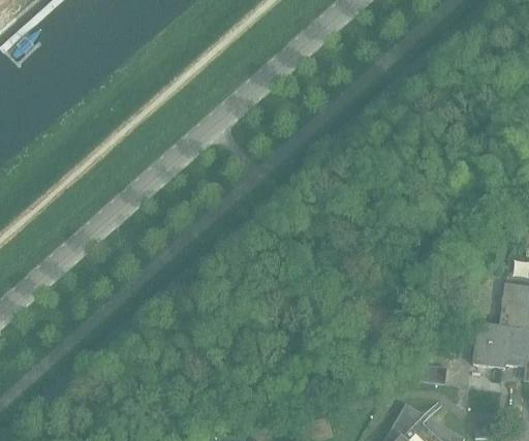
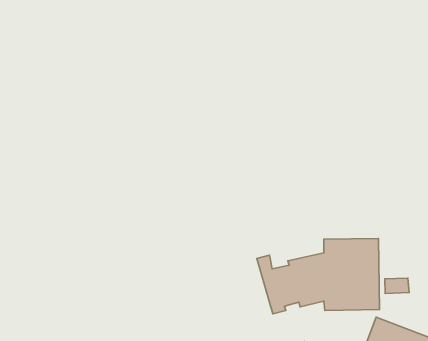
building: none -> [257,238,380,314]

